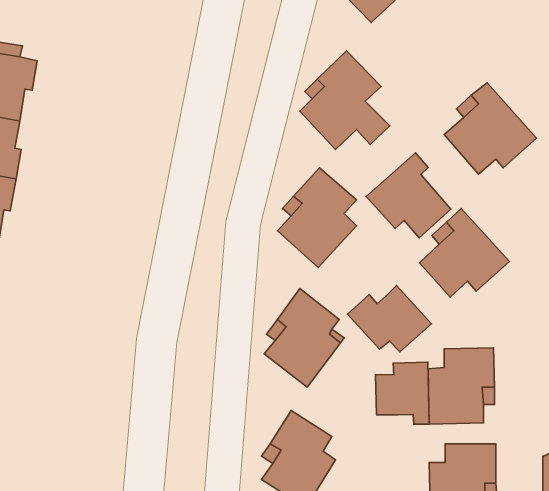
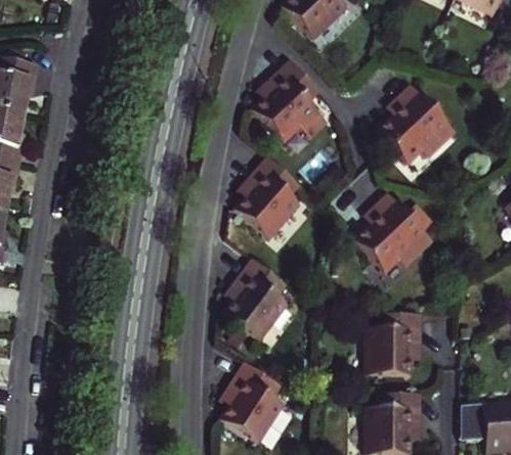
building: [366,153,451,238] -> none
building: [347,285,432,352] -> none
building: [375,362,429,424] -> none

